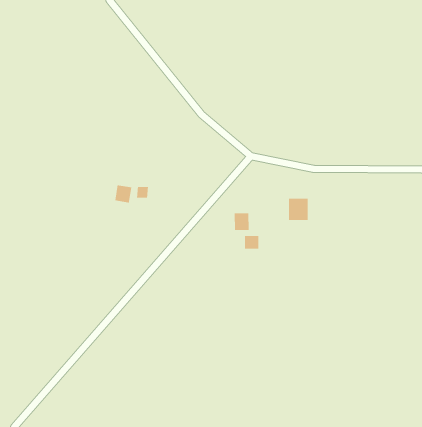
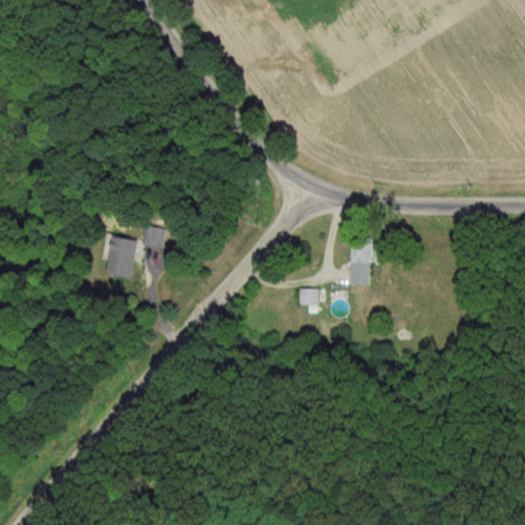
building: none -> [107,238,136,279]
building: [234,213,249,231] -> none

